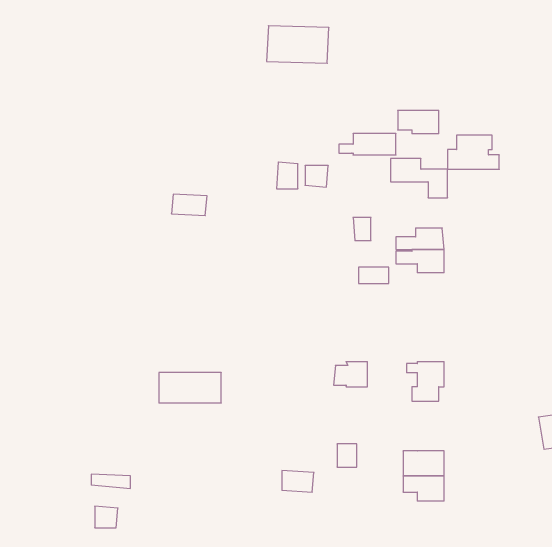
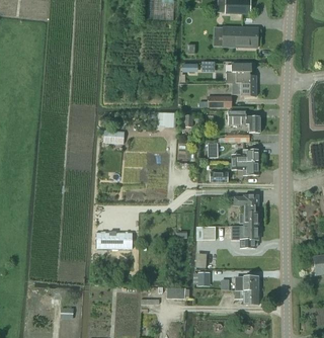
building: [267,26,329,63] -> [223,25,258,47]
building: [448,135,499,169] -> [227,63,256,82]
building: none -> [234,193,259,225]

